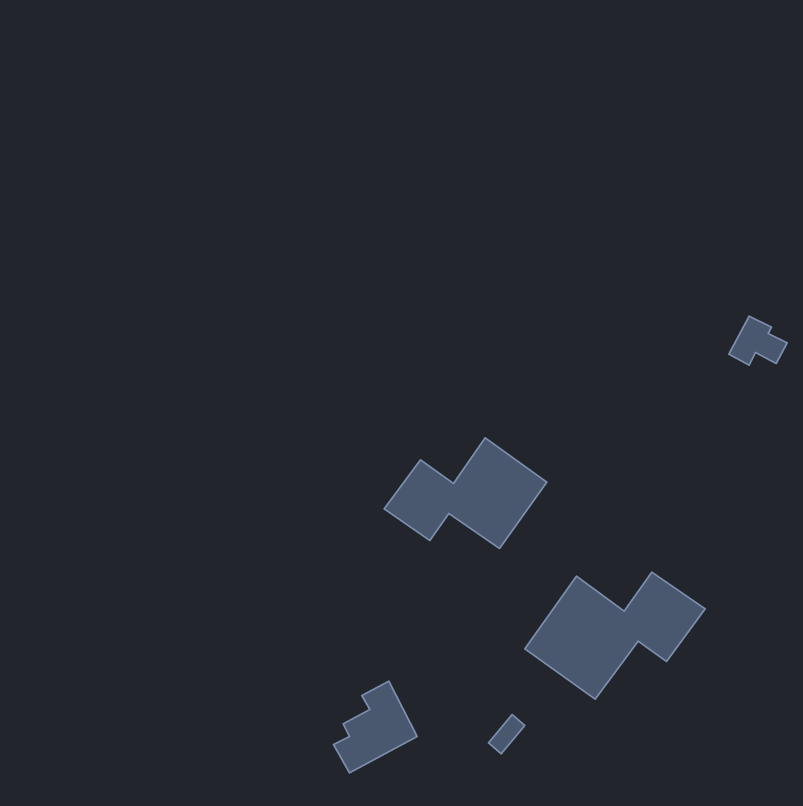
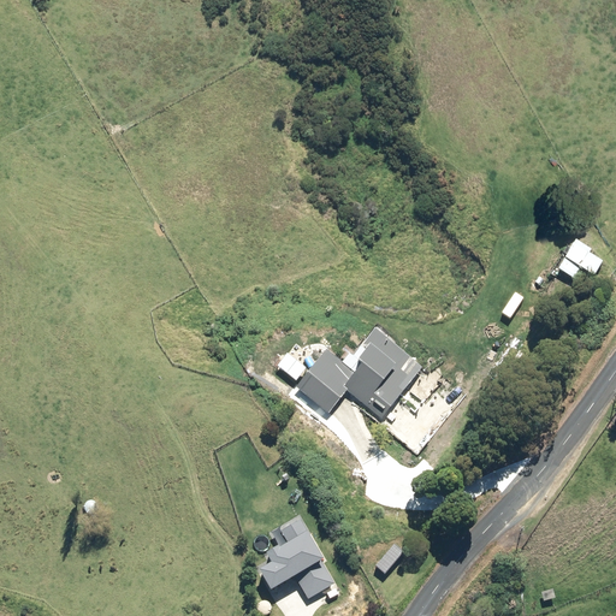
building: [525,572,705,699] -> none
building: none -> [297,563,336,599]

